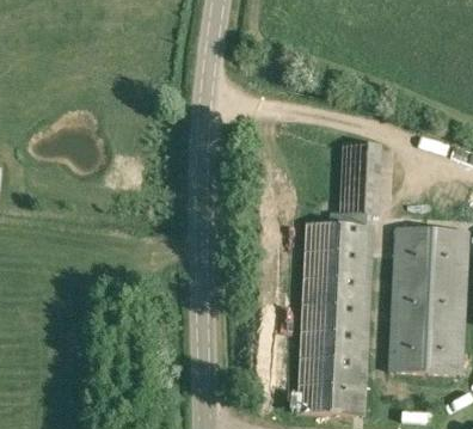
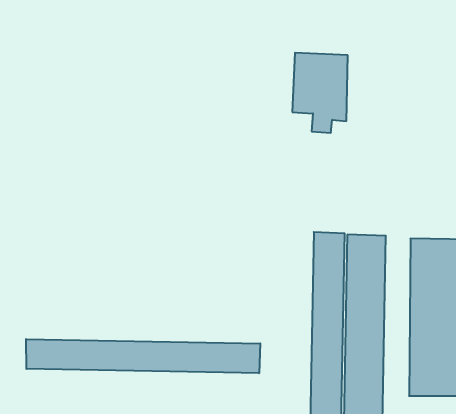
building: [344,143,395,217] -> [292,53,348,133]
building: none -> [26,339,260,373]

